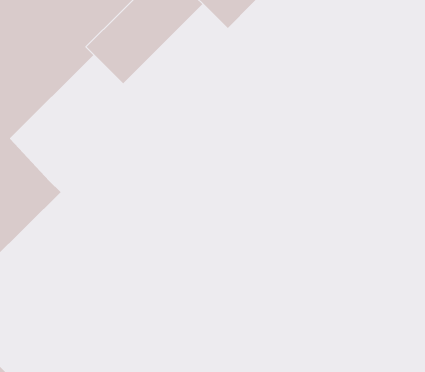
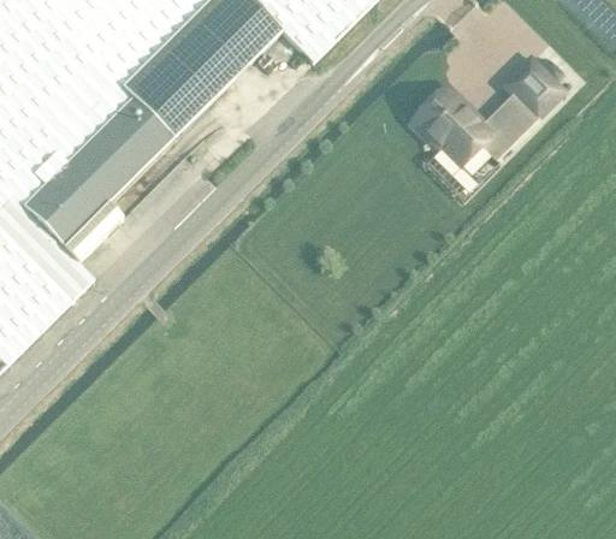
building: none -> [411,60,563,167]
building: none -> [23,99,172,265]

